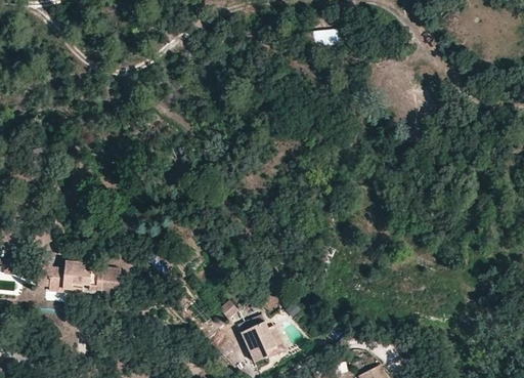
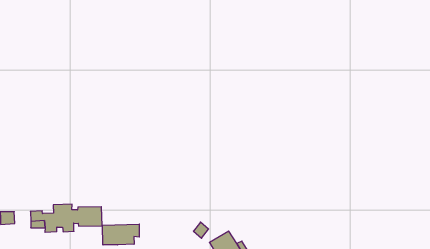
building: none -> [103,224,139,245]

